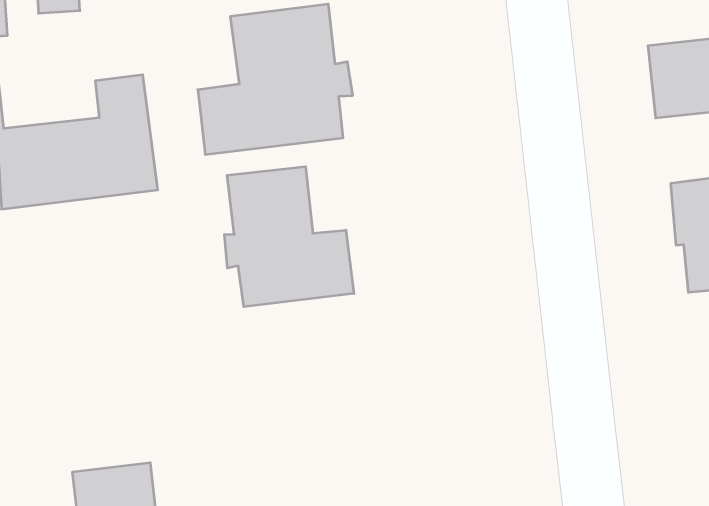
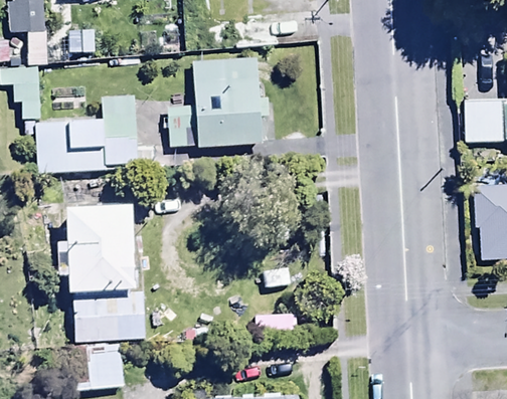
building: [224,167,354,307] -> none
building: none -> [59,210,145,342]

